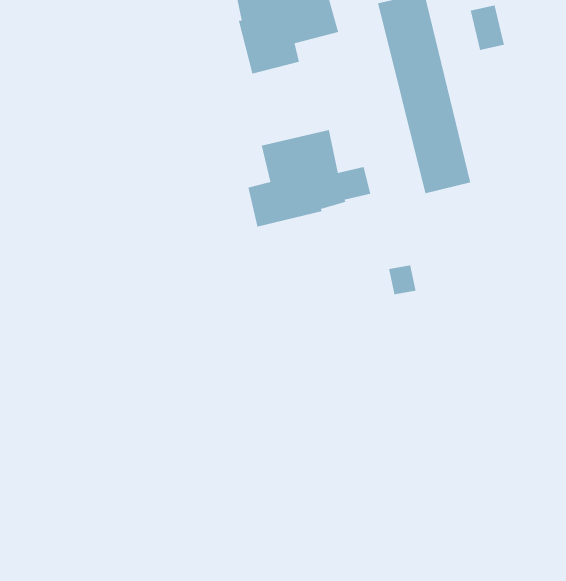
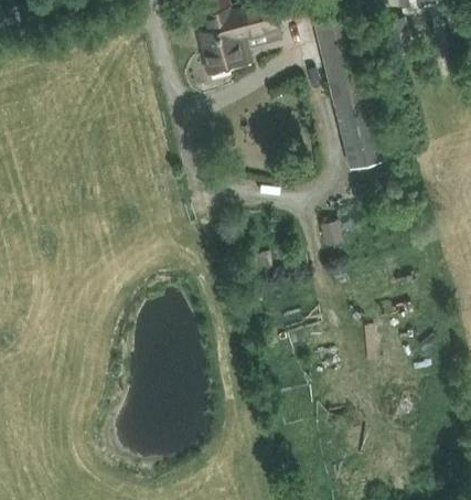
building: [248,129,371,227] -> none

